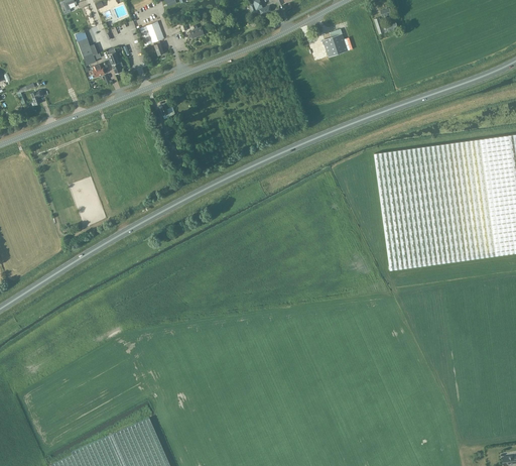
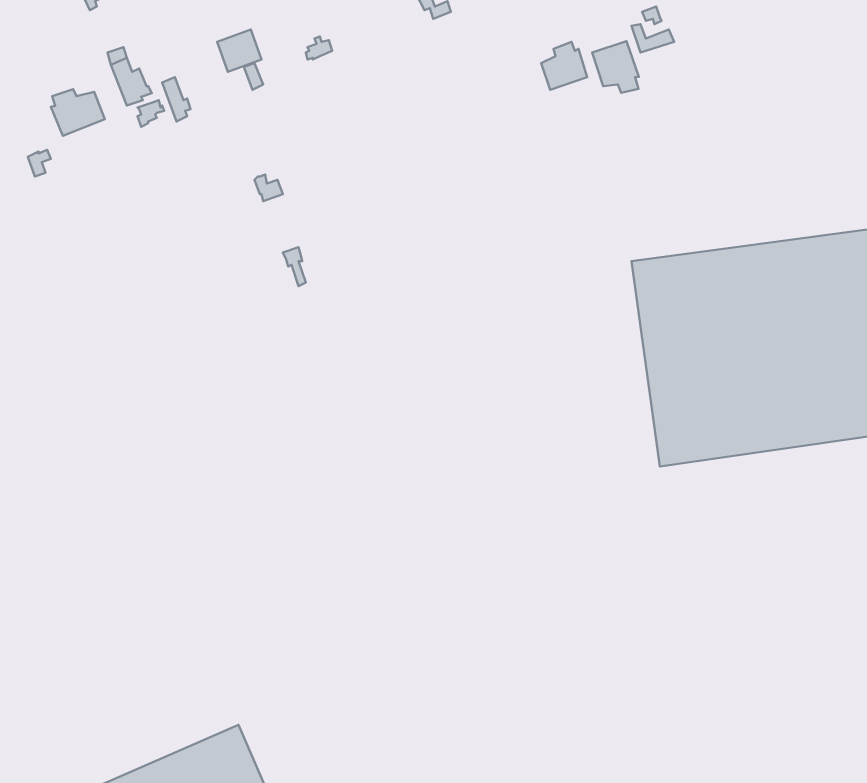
building: none -> [592,41,639,93]
building: none -> [51,89,105,136]

